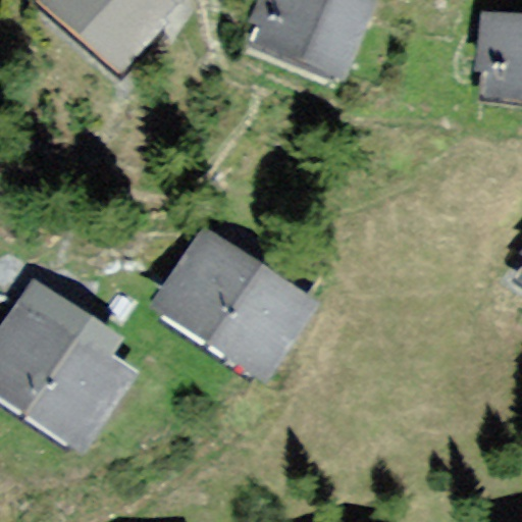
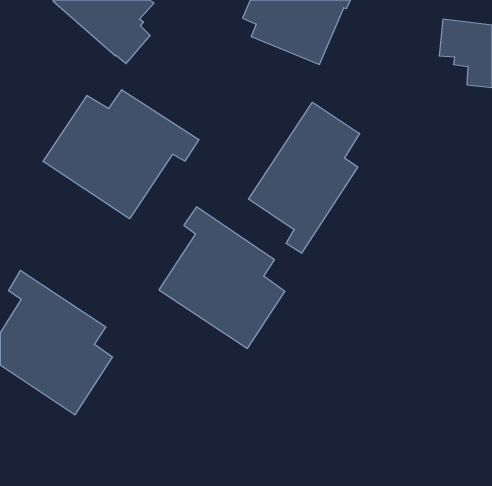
building: none -> [43,90,199,219]
building: none -> [248,102,360,253]

